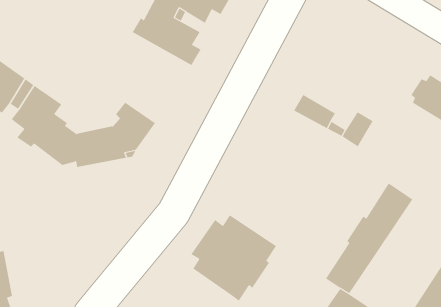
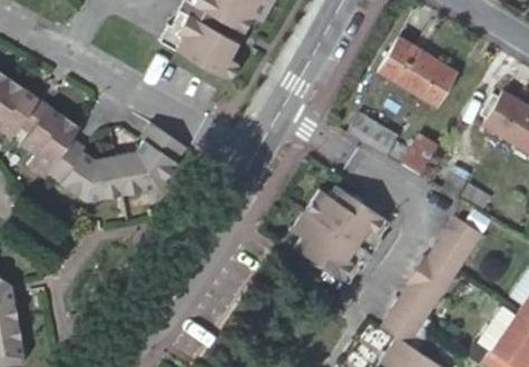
building: none -> [378,38,453,106]
building: [191,214,277,301] -> [292,183,391,284]

